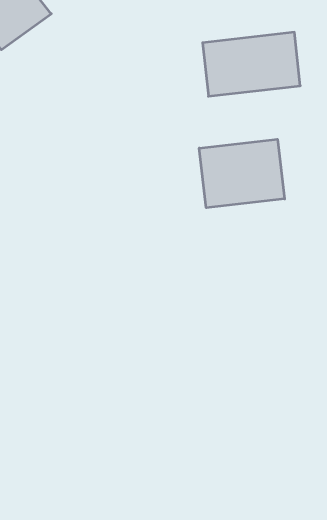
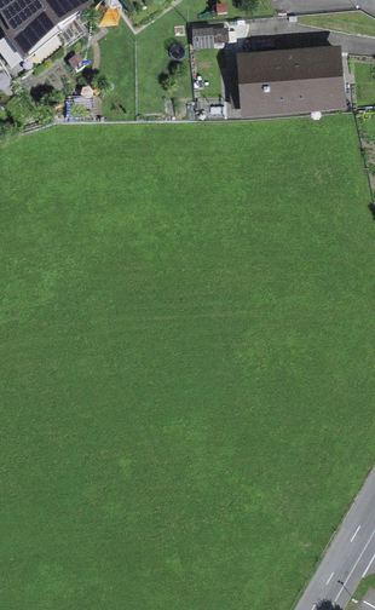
building: [199,139,285,208] -> none

